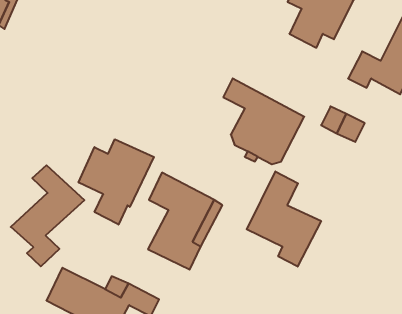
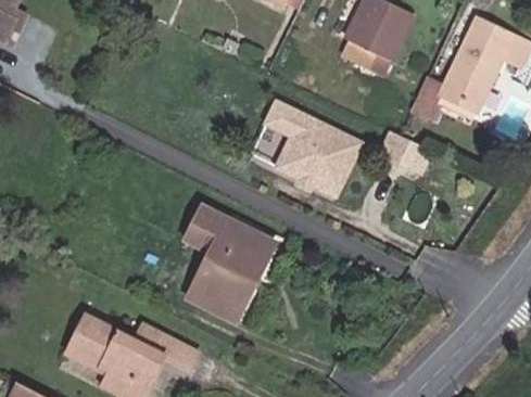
building: [79,139,154,225] -> none
building: [11,165,84,266] -> none
building: [247,171,321,267] -> none

